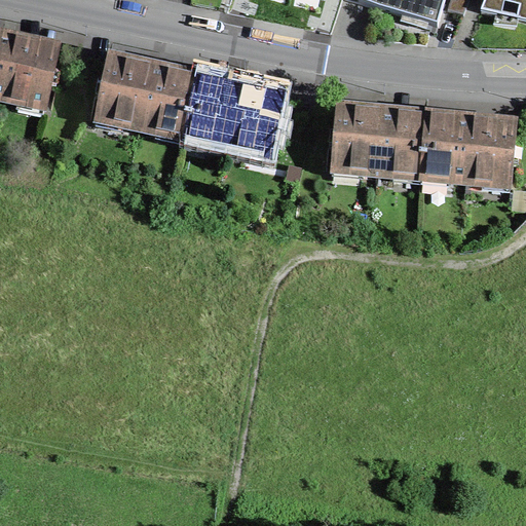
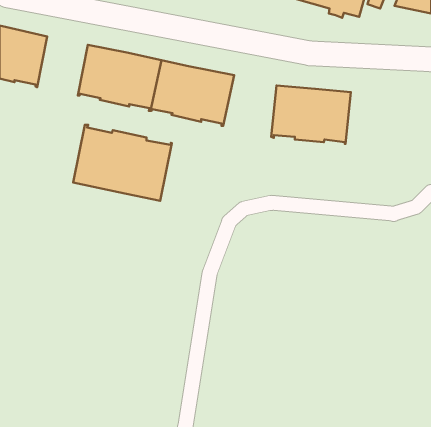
building: [420,112,517,183] -> none
building: none -> [73,125,172,201]

